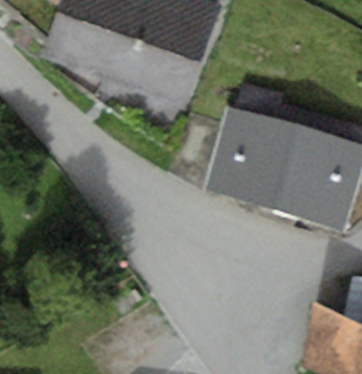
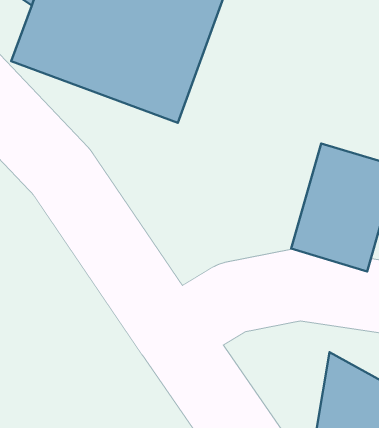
building: [206,76,306,214] -> none

